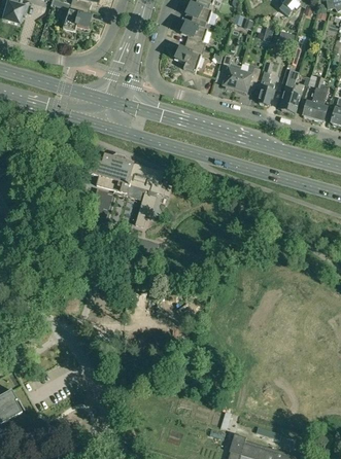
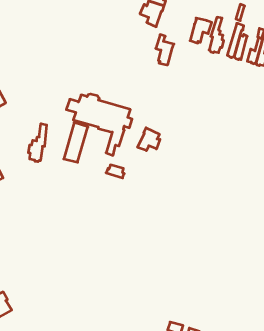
building: [220,54,242,90] -> [156,35,174,65]
building: none -> [28,124,47,162]
building: none -> [138,128,160,151]

